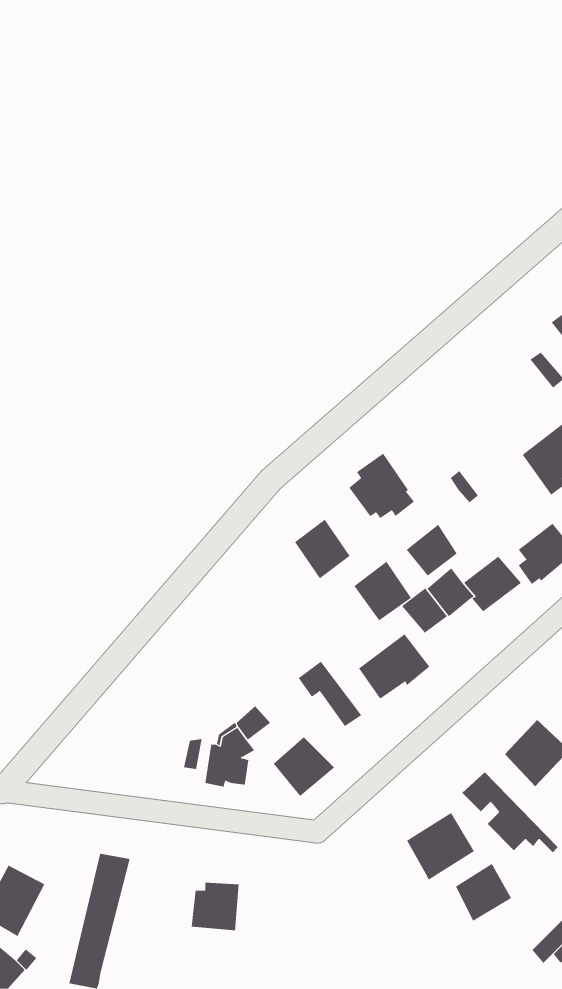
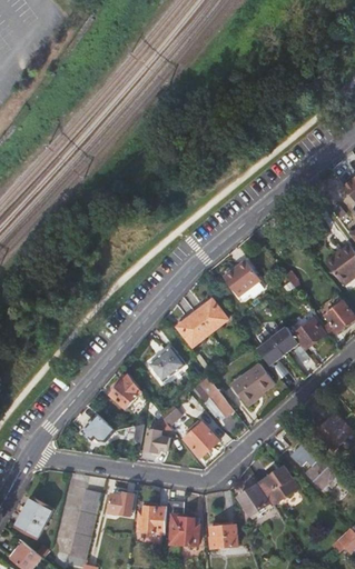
building: [406,524,458,577] -> none
building: [354,561,412,621] -> [176,311,209,346]
building: none -> [149,346,186,382]
building: none -> [110,373,141,408]
building: none -> [81,415,115,441]
building: none -> [106,492,131,517]
building: [455,863,512,921] -> [238,482,270,516]
building: none -> [165,499,198,546]
building: none -> [208,525,237,547]

